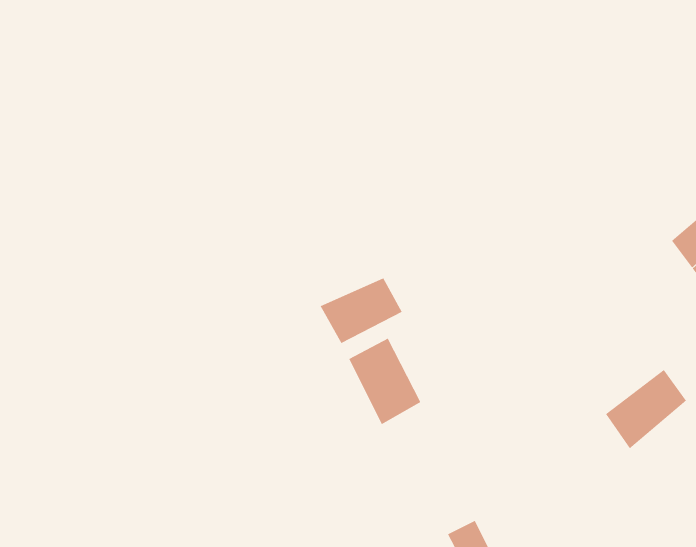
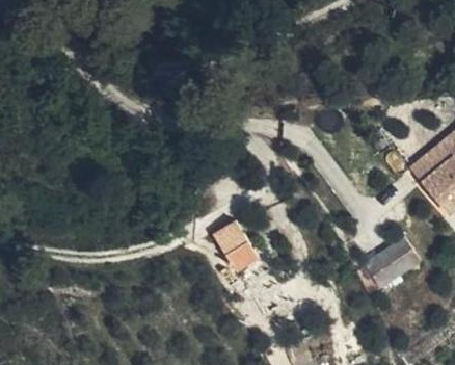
building: [320,277,402,344] -> none

